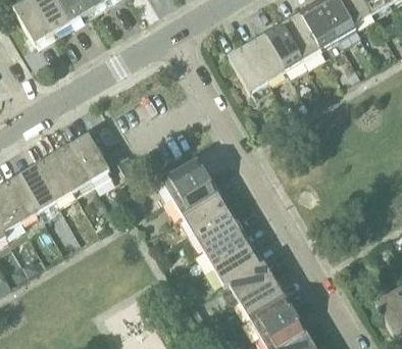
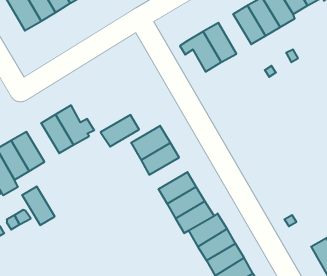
building: [264,23,303,70] -> none
building: [36,153,74,199] -> [22,186,55,225]
building: [182,194,228,232] -> [101,115,139,147]

